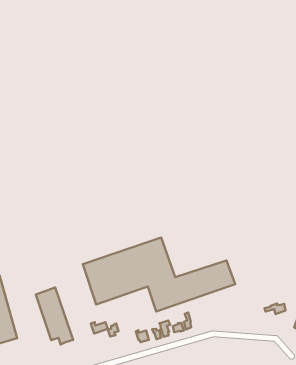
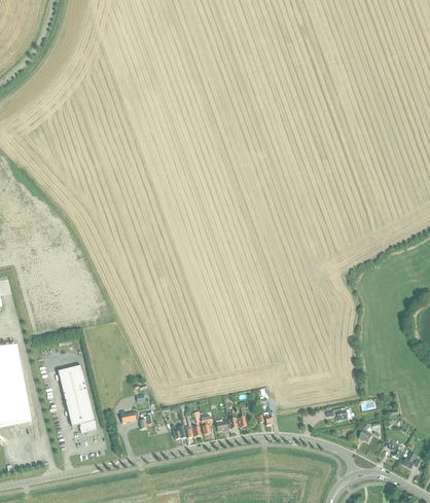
building: [83,237,235,311] -> none

